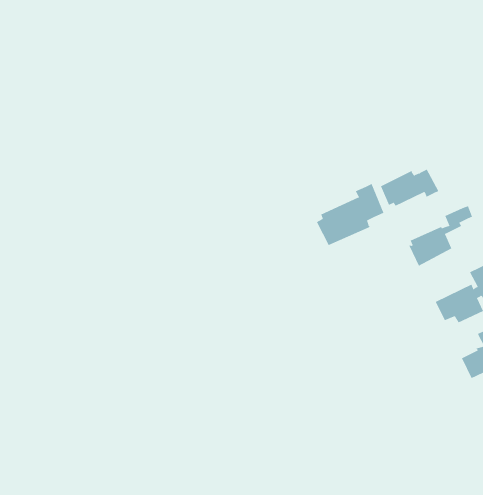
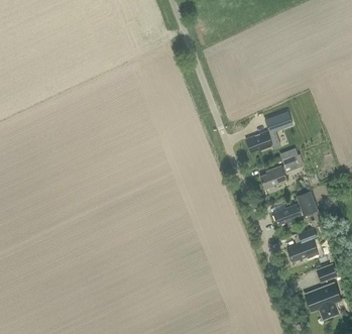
building: none -> [264,111,292,133]
building: [316,183,384,246] -> none

